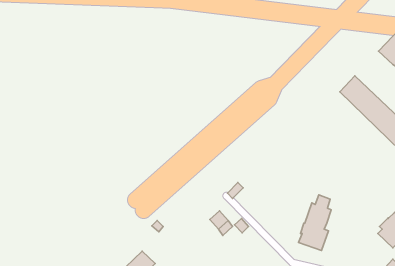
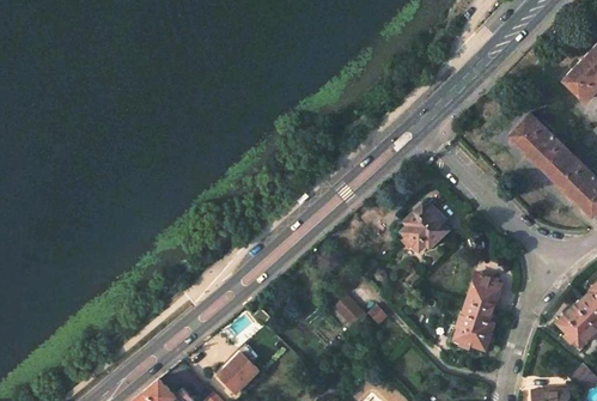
building: none -> [401,205,446,251]

